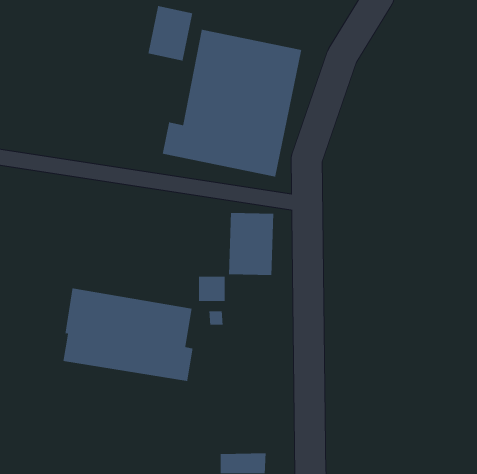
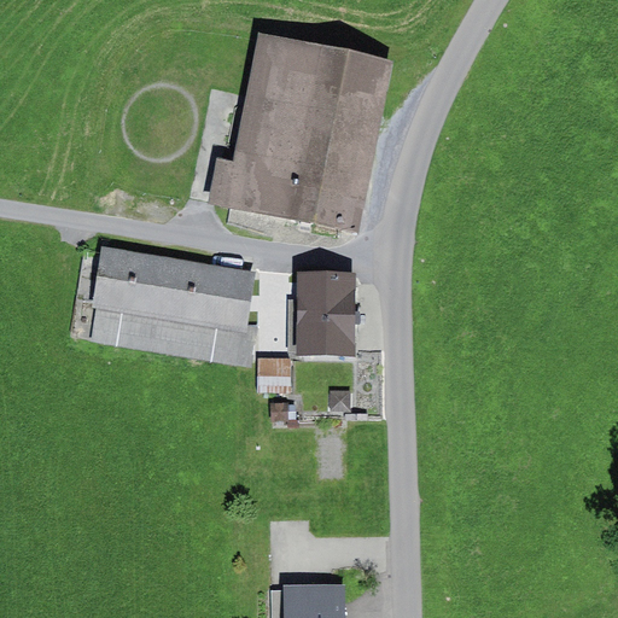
building: [147,5,193,61] -> none
building: [63,288,193,382] -> [89,245,258,367]

